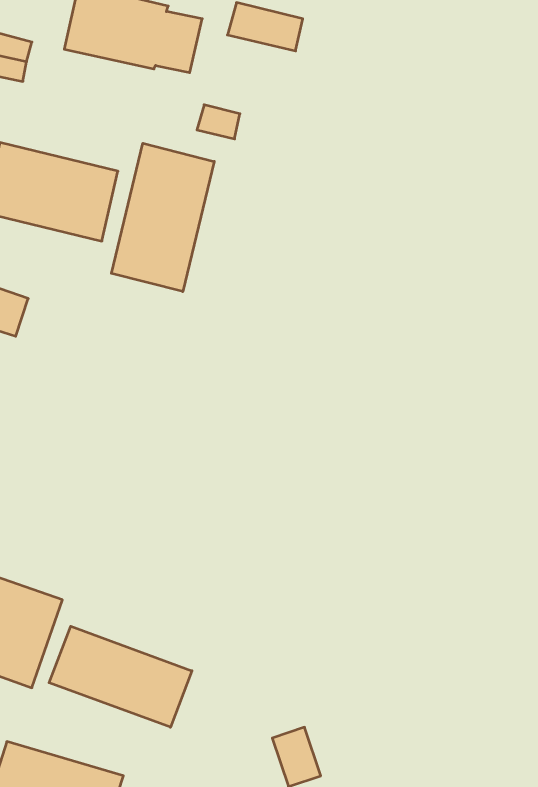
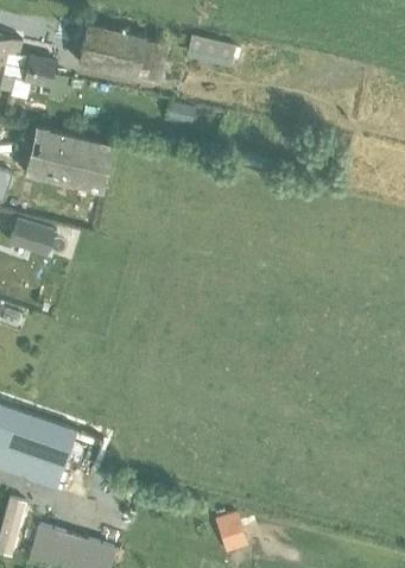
building: [111,143,214,292] -> none
building: [49,626,192,727] -> none

